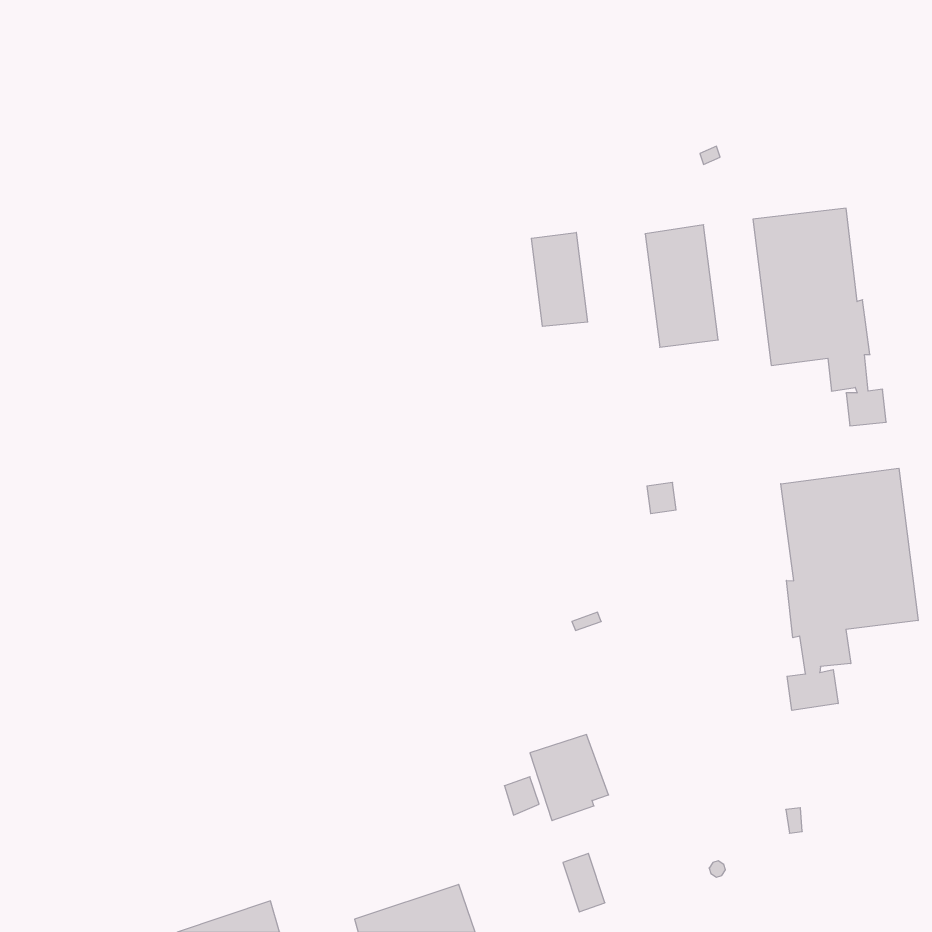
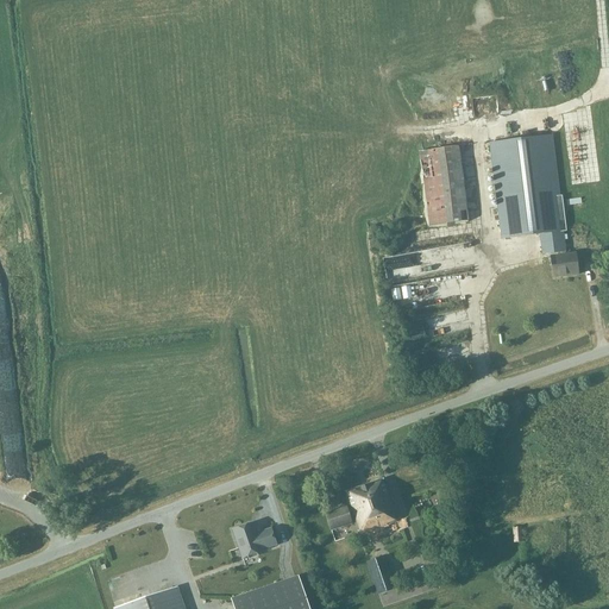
building: [531,232,588,326] -> none
building: [781,468,918,710] -> none
building: none -> [233,522,277,558]

